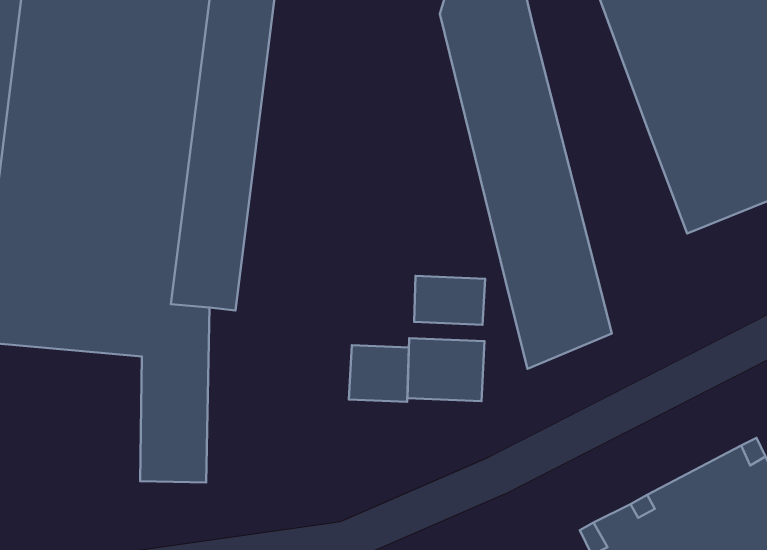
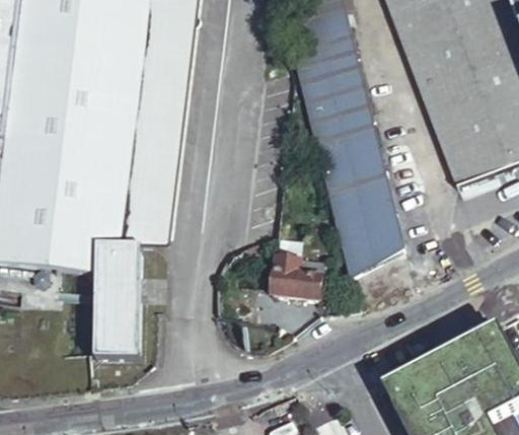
building: [414,276,485,325] -> none
building: [349,345,409,402] -> none

